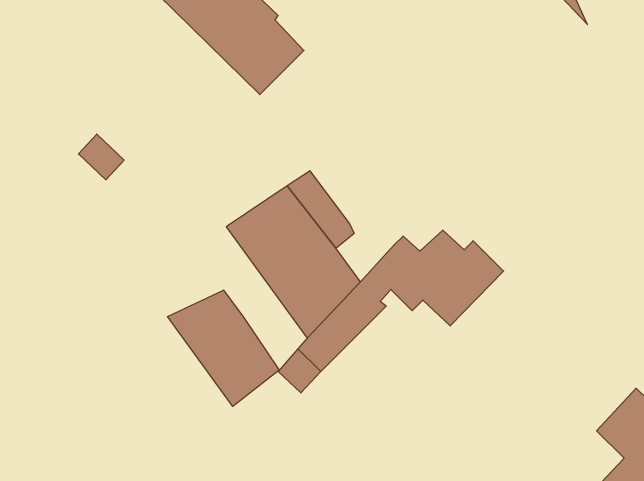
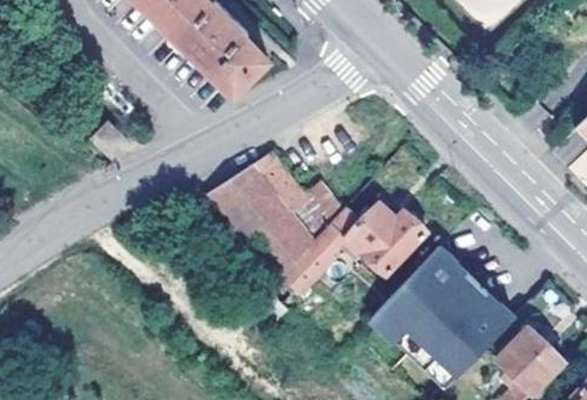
building: none -> [295,186,340,241]
building: none -> [369,247,512,392]
building: [167,290,279,406] -> none

